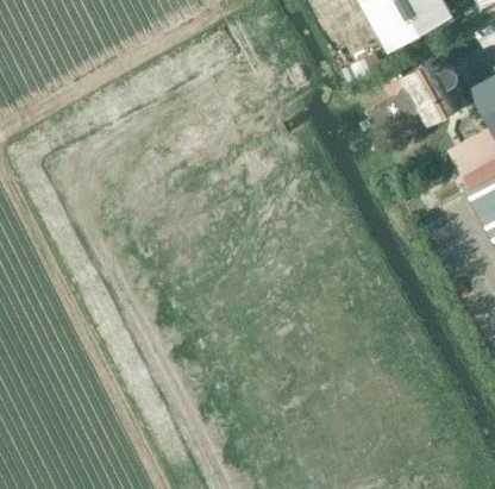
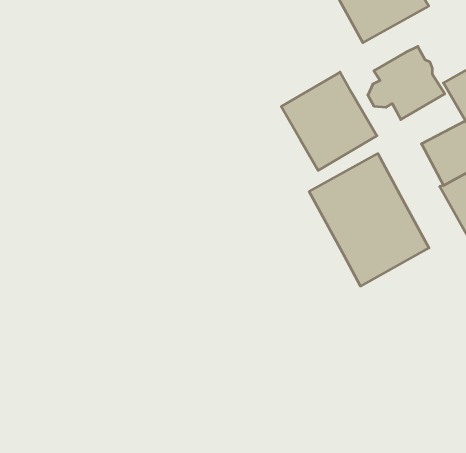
building: none -> [281,72,377,170]
building: none -> [309,154,429,286]

